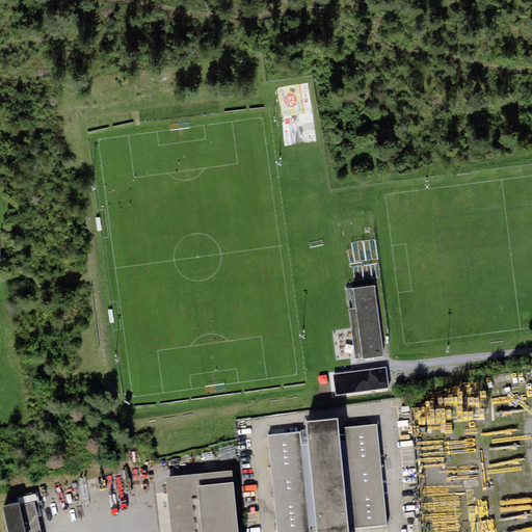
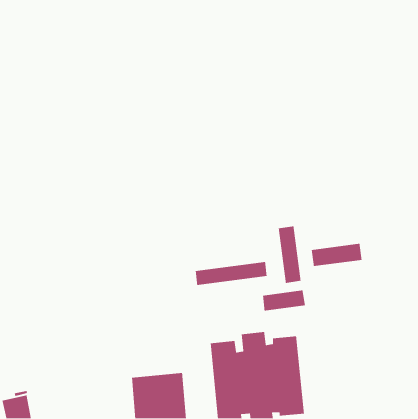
building: none -> [311,243,362,267]
building: none -> [195,261,267,286]

